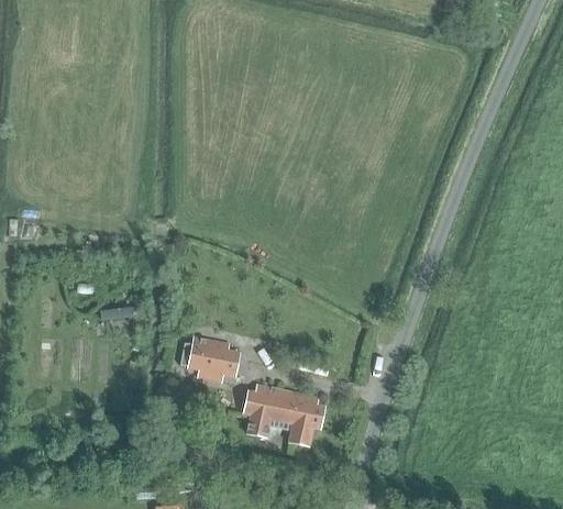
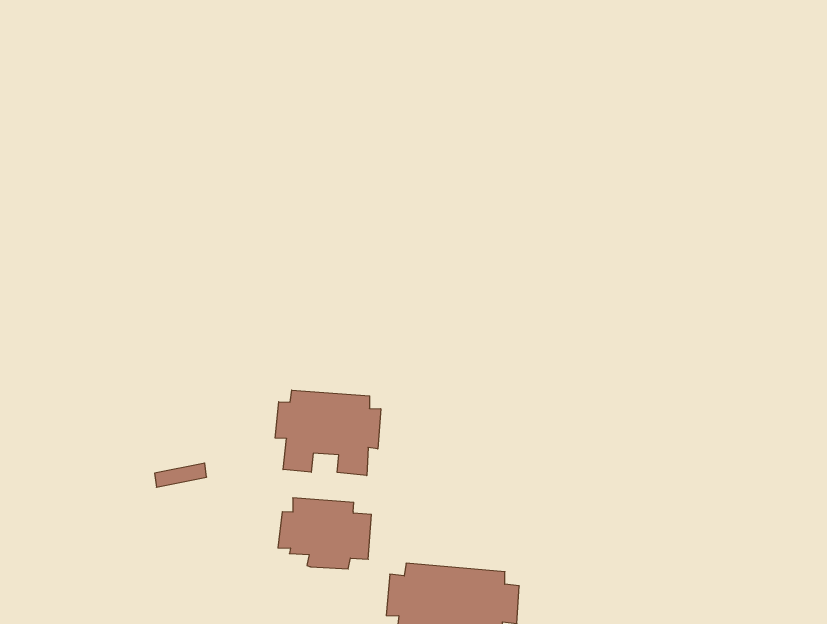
building: none -> [275,390,381,476]

